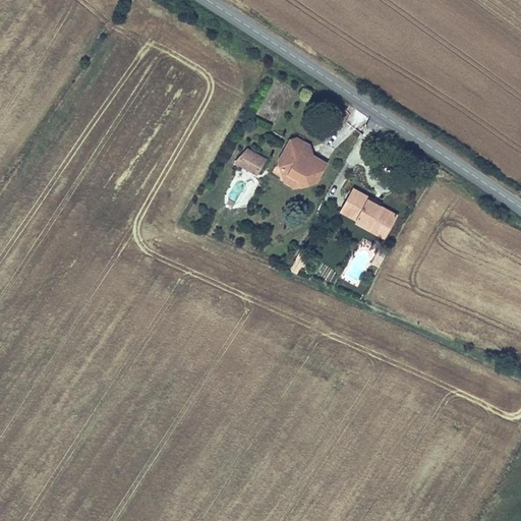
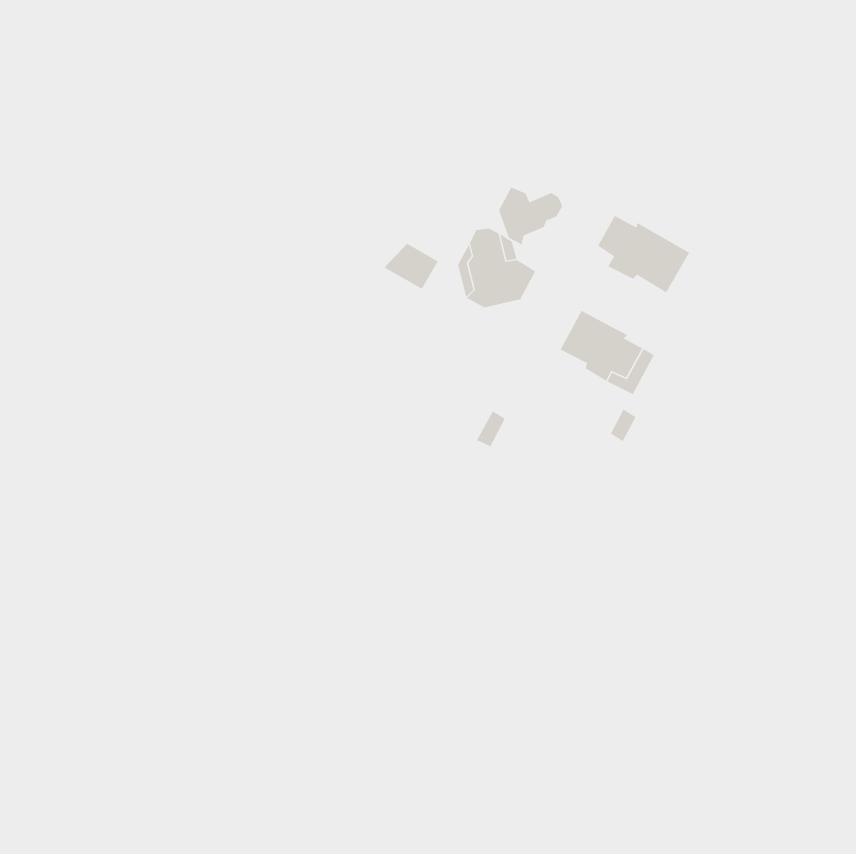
building: none -> [498,187,563,246]
building: none -> [597,215,690,294]

